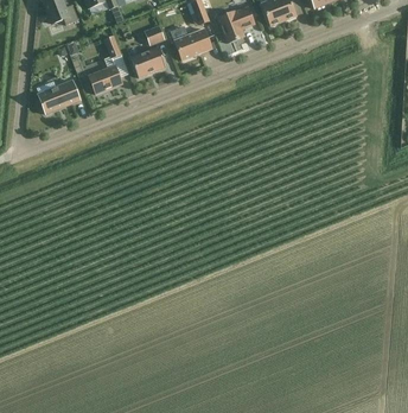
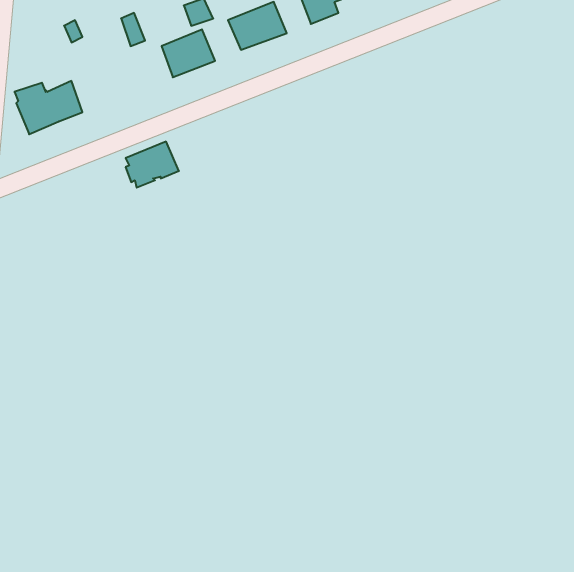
building: [88,64,122,94] -> [126,142,179,188]

